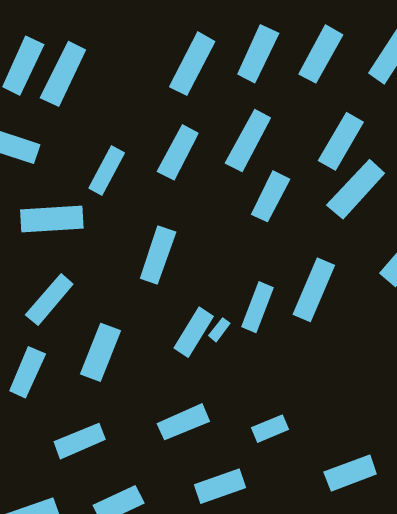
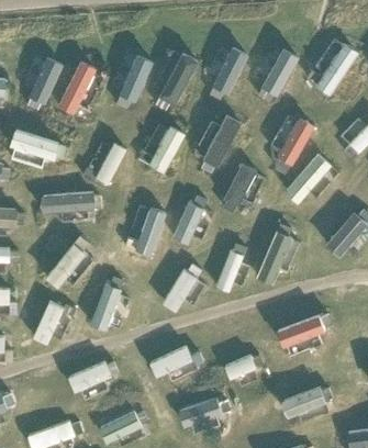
building: none -> [118,54,154,102]
building: none -> [172,201,204,244]
building: none -> [277,313,325,346]

